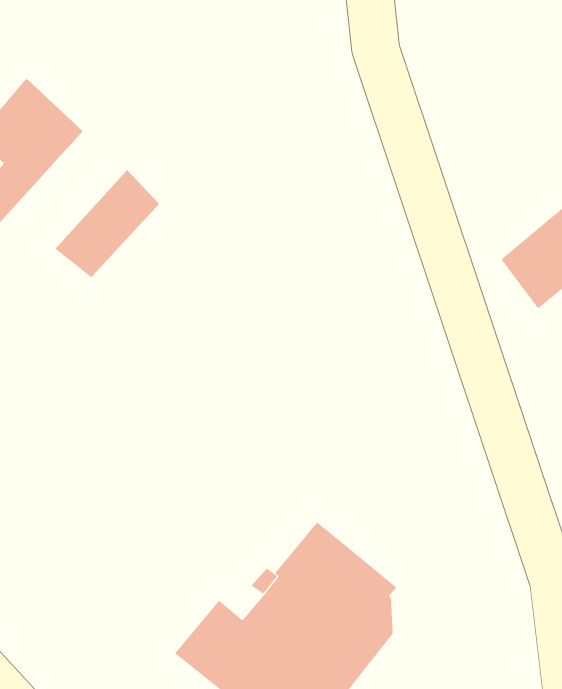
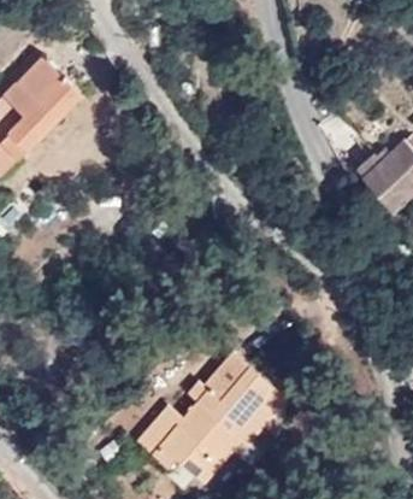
building: [55,169,160,278] -> none

